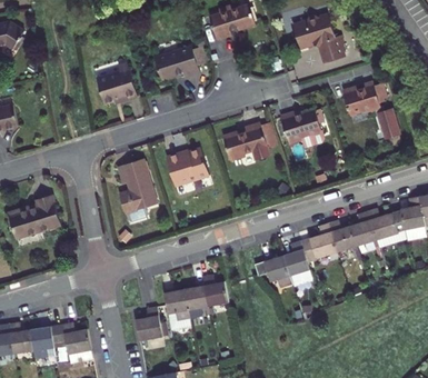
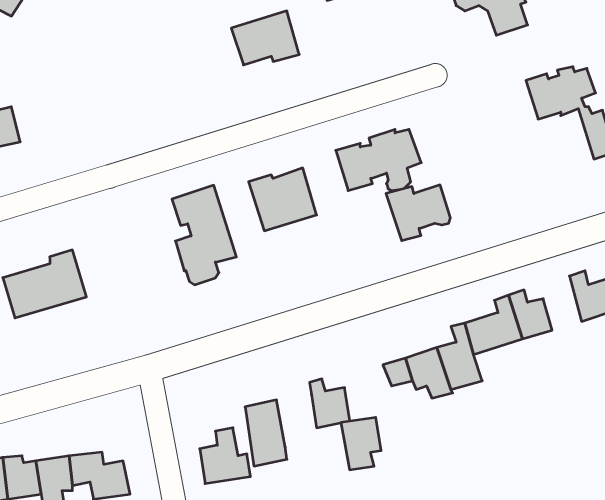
building: [98,60,139,101] -> none
building: [278,109,319,145] -> [386,185,450,241]
building: [354,213,378,248] -> none
building: [183,289,209,322] -> [341,417,381,470]

